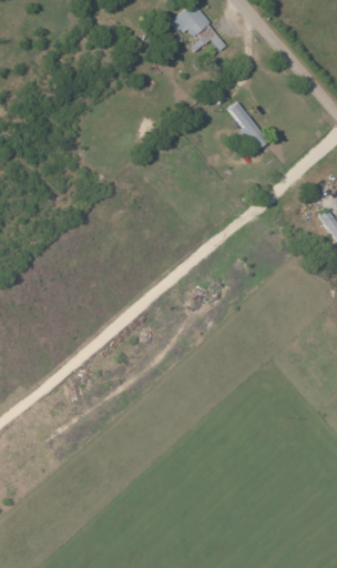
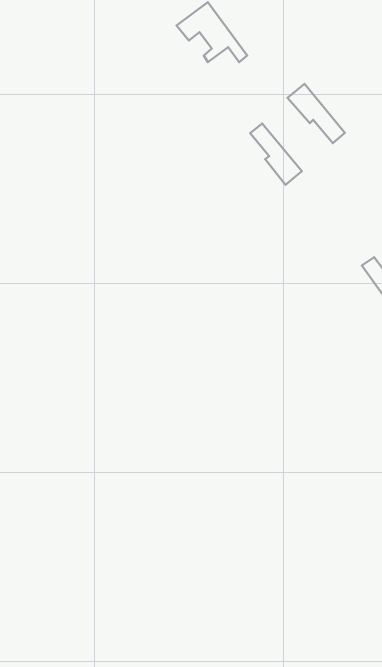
building: none -> [288,84,345,143]

